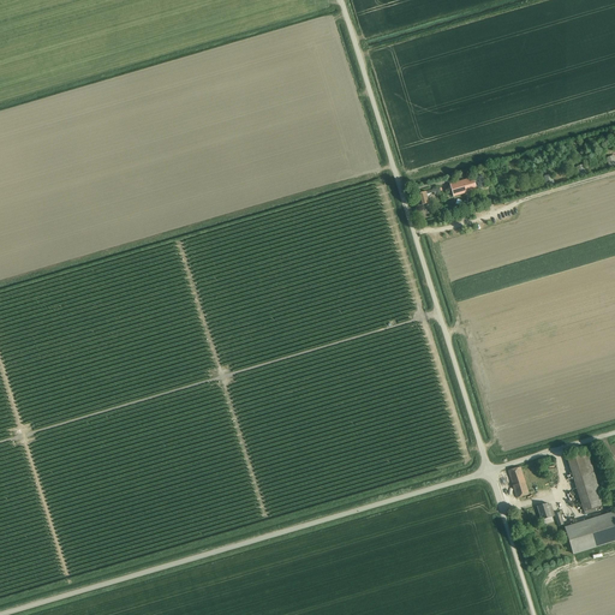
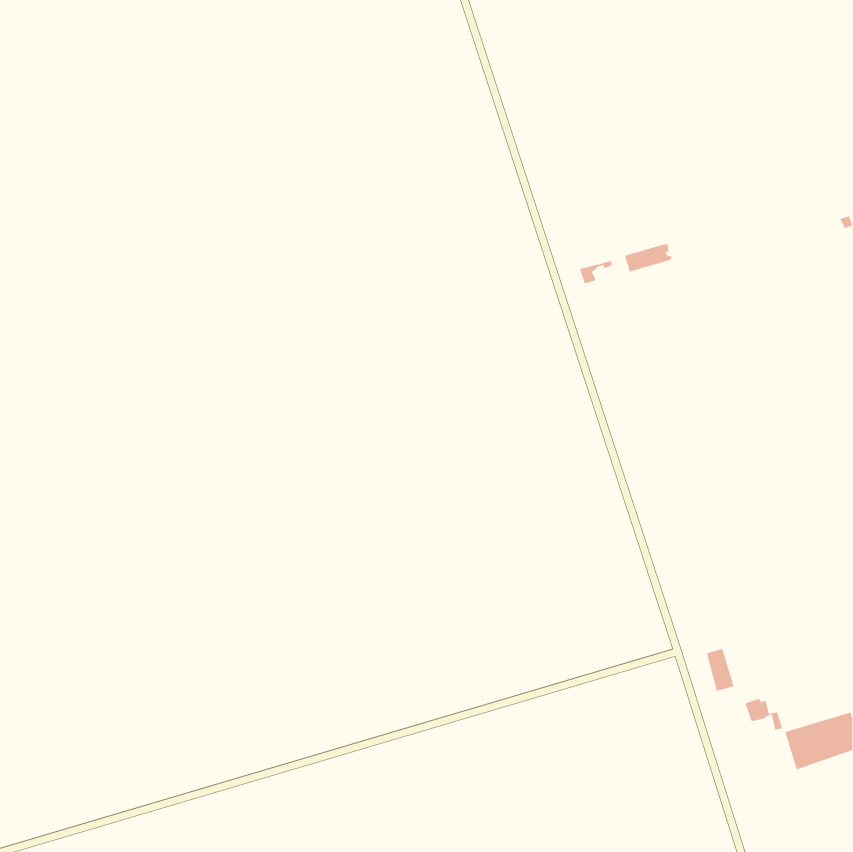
building: [567,452,603,510] -> none

